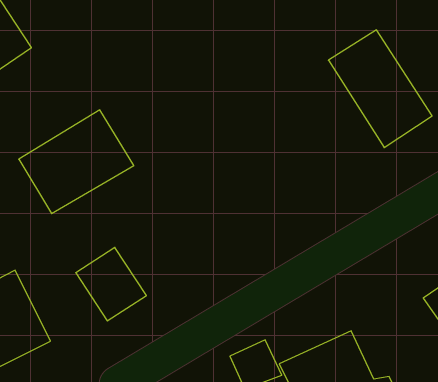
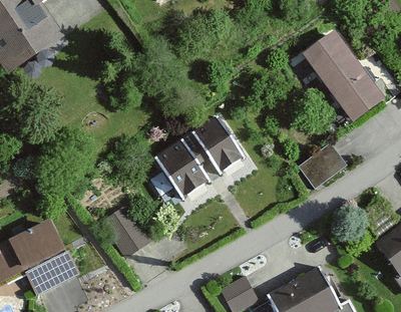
building: [19,110,134,214] -> [148,116,240,199]
building: none -> [300,142,344,185]

